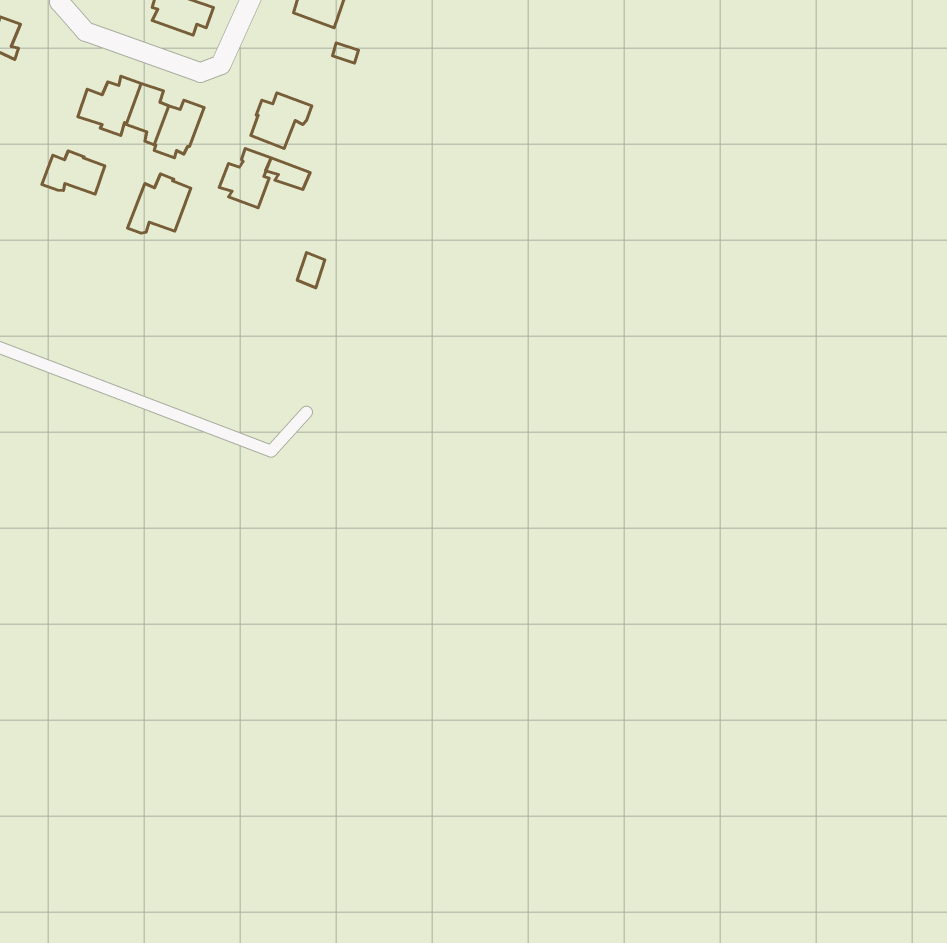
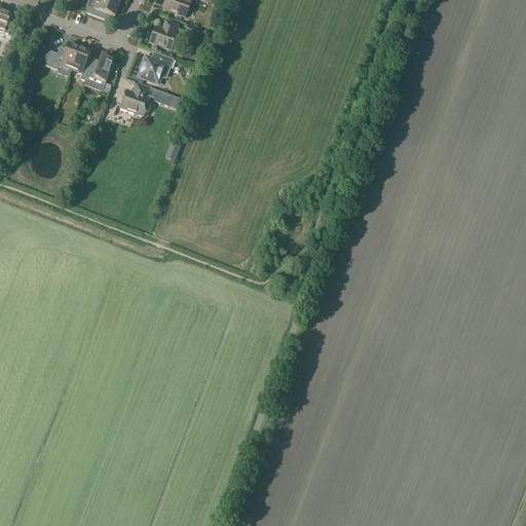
building: none -> [150,20,181,50]
building: [42,151,105,194] -> none
building: [128,174,191,233] -> none

